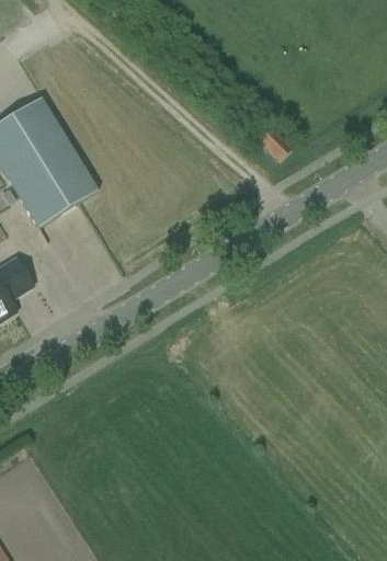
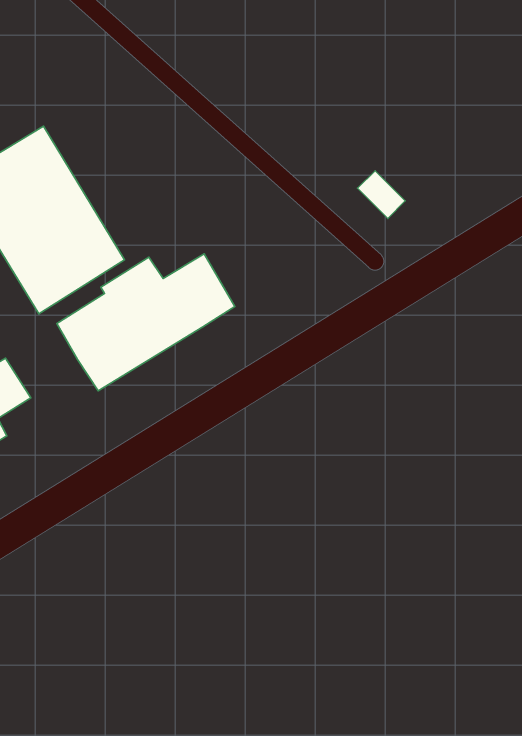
building: none -> [57,254,235,391]

